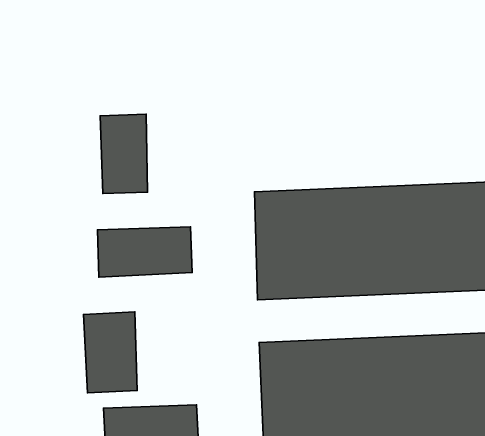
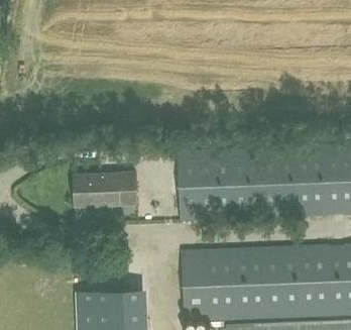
building: [100,114,147,194] -> none
building: [84,312,137,393] -> none

